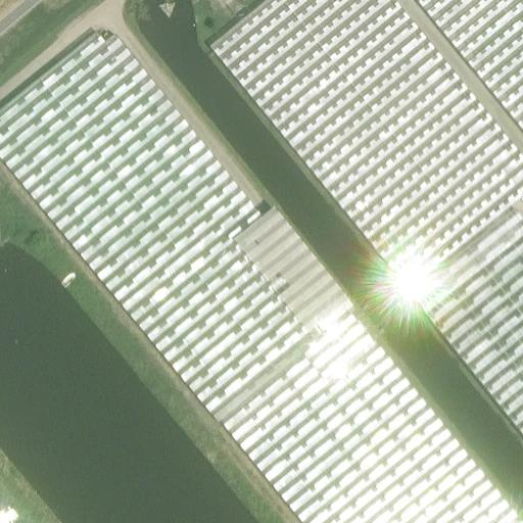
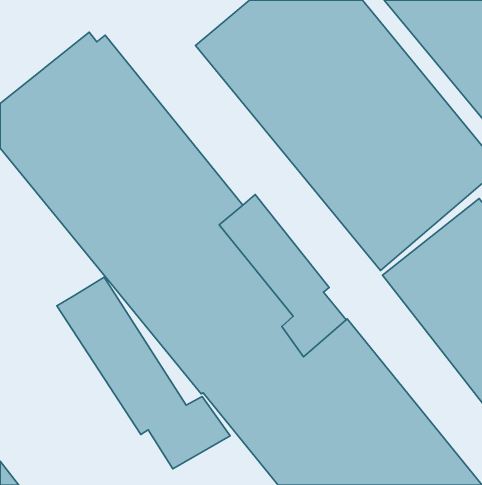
building: none -> [57,277,230,469]

